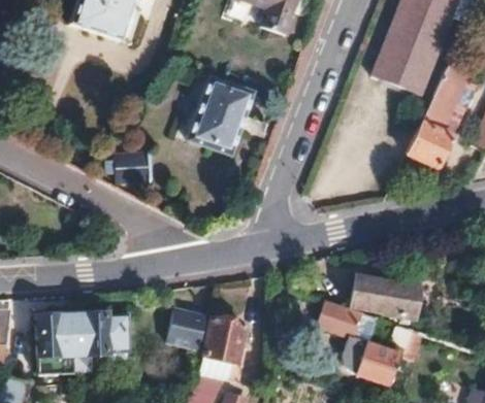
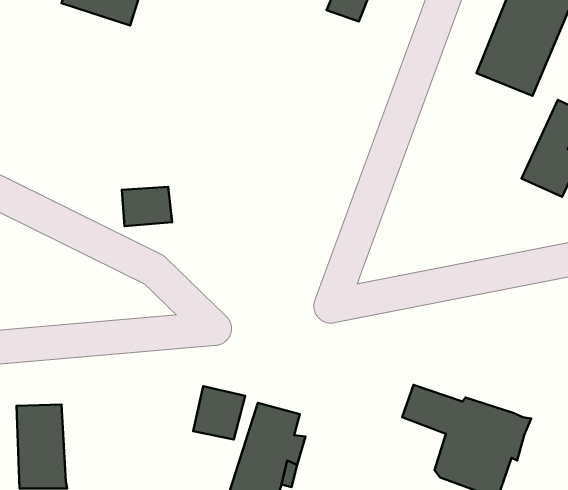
building: [185,69,250,146] -> none
building: [356,275,424,325] -> none
building: [69,315,128,373] -> none

